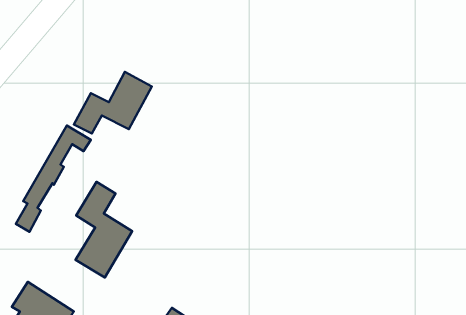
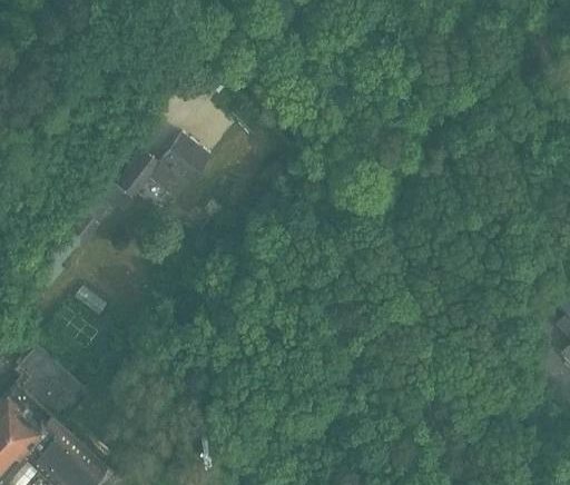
building: [75,182,132,277] -> none

